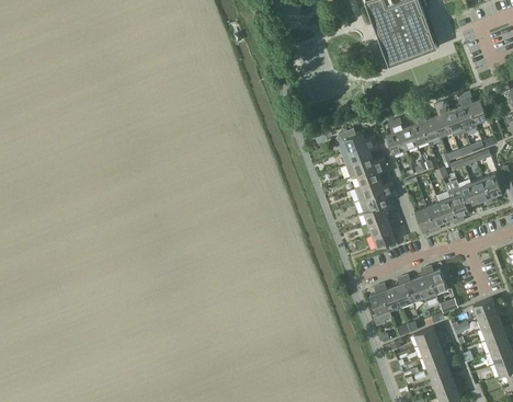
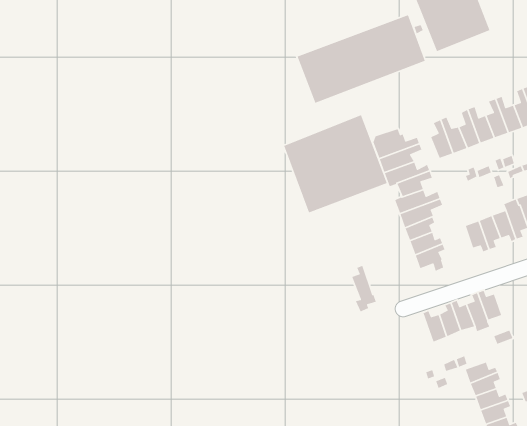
building: none -> [296,14,426,104]
building: none -> [283,114,388,213]
building: [368,285,390,325] -> [351,265,377,312]

